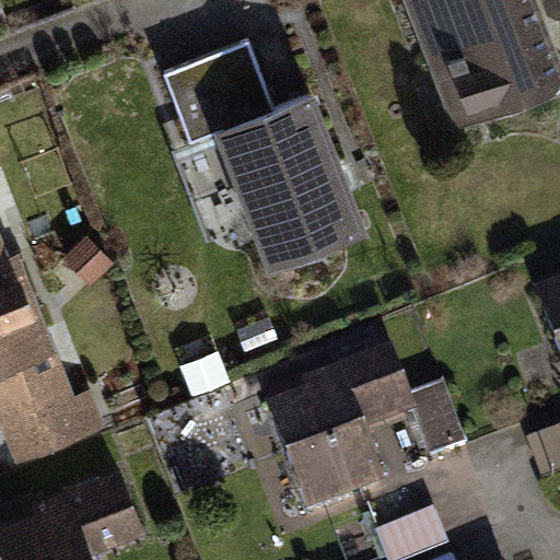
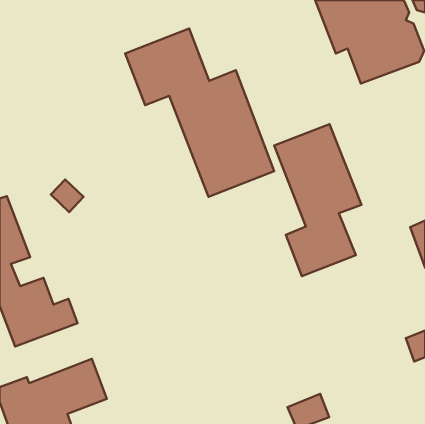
building: none -> [274,124,362,276]
building: [270,359,464,511] -> none

